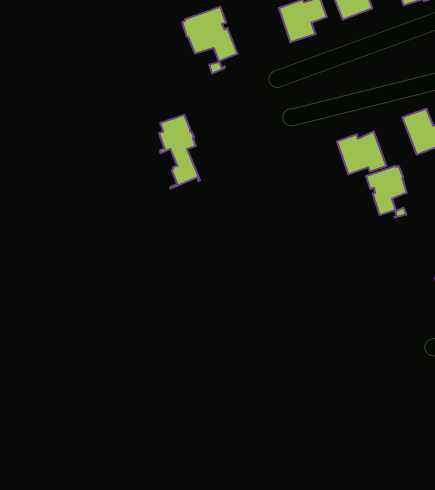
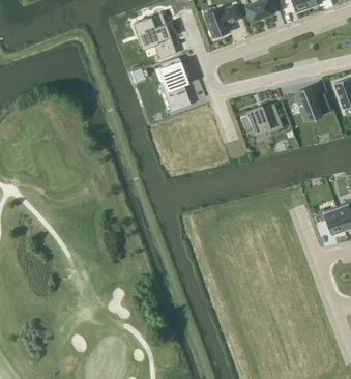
building: [159,115,200,189] -> [159,57,189,111]
building: [366,166,407,218] -> none

